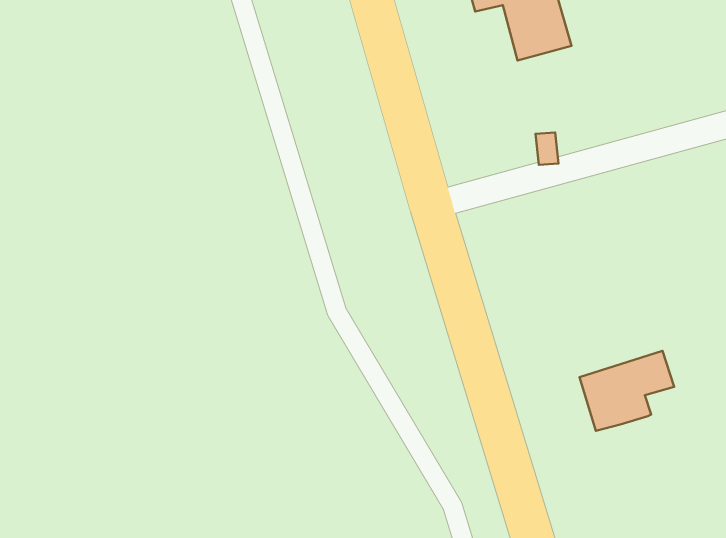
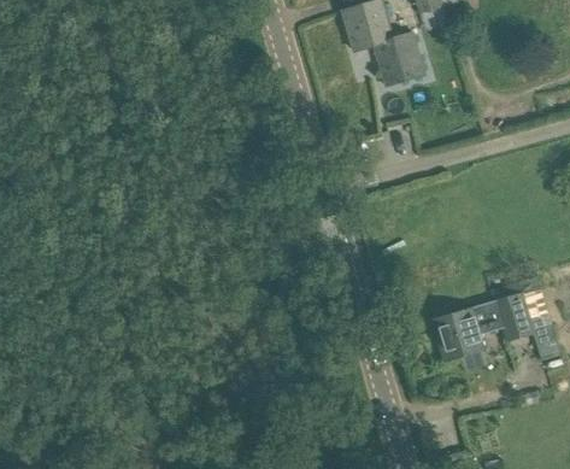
building: none -> [493,292,534,340]

